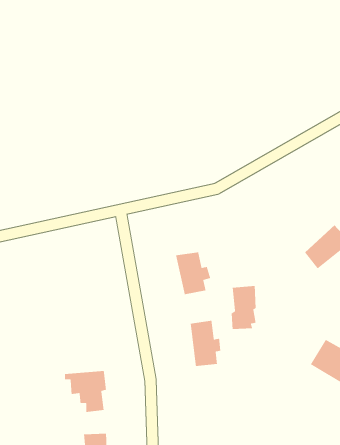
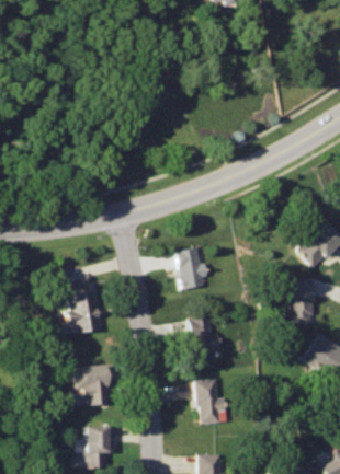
building: [231,285,256,330] -> [288,278,314,322]
building: none -> [64,290,100,333]
building: none -> [193,380,226,424]

